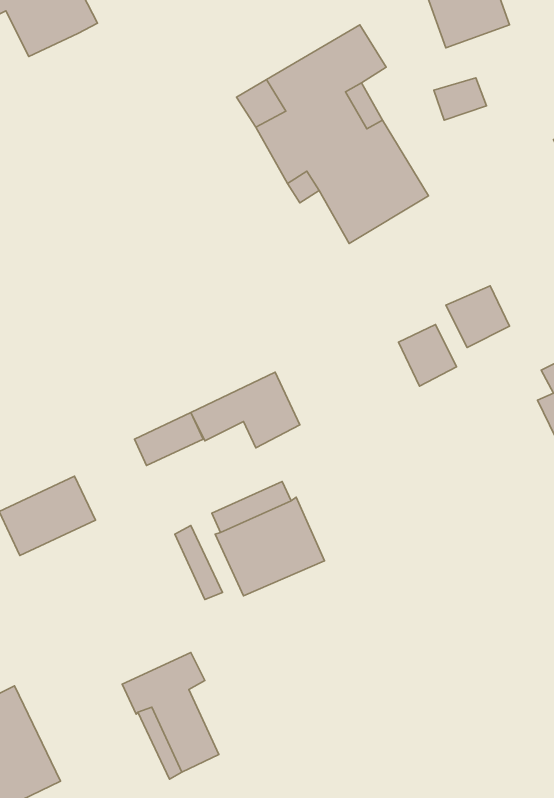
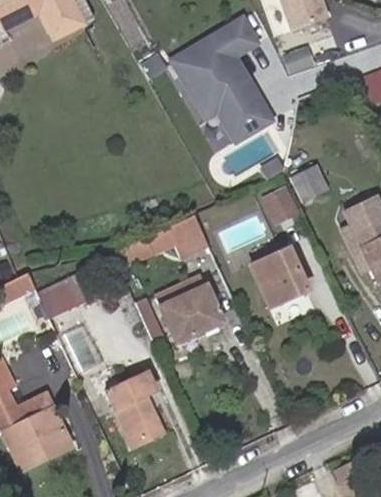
building: none -> [250,248,305,306]

